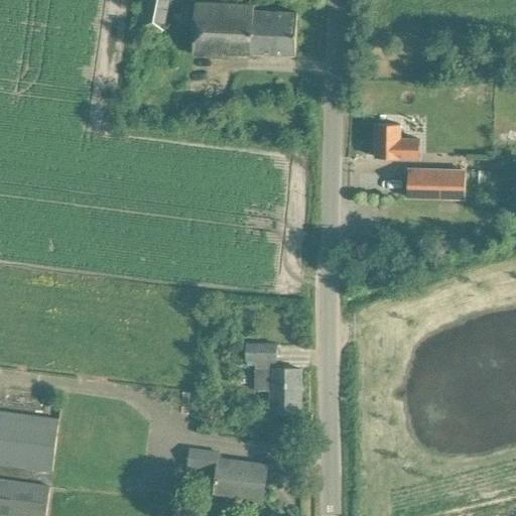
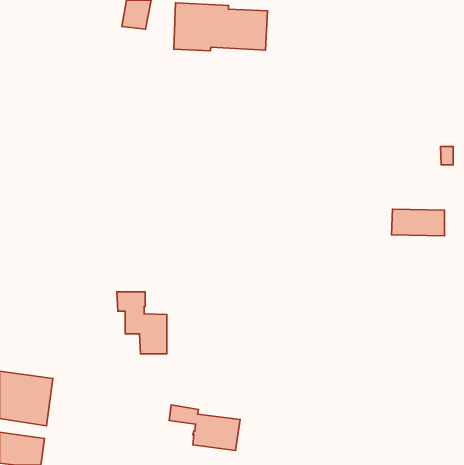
building: [375,123,419,158] -> none
building: [406,169,465,199] -> [392,209,444,236]
building: [244,344,299,412] -> [117,292,167,354]

